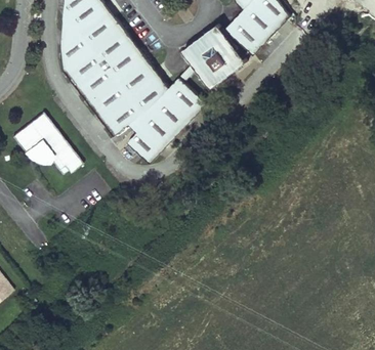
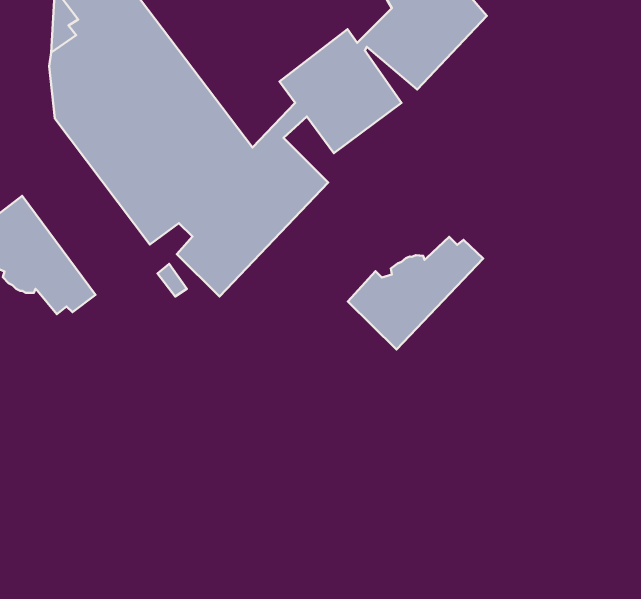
building: none -> [348,237,483,349]

